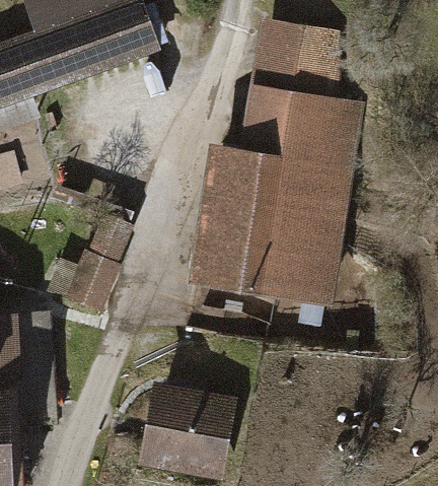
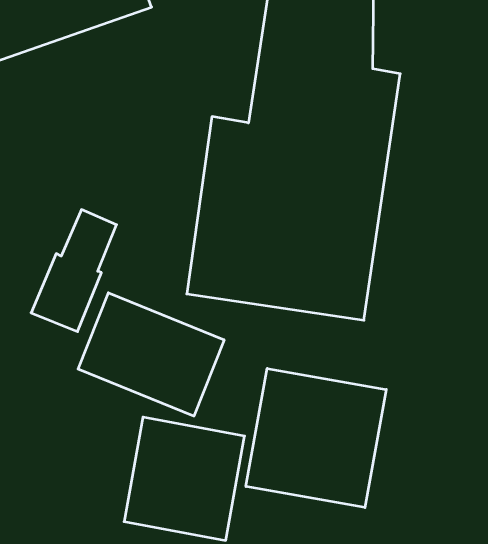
building: none -> [78,293,224,416]
building: none -> [246,368,386,508]

